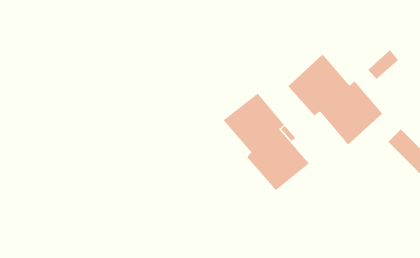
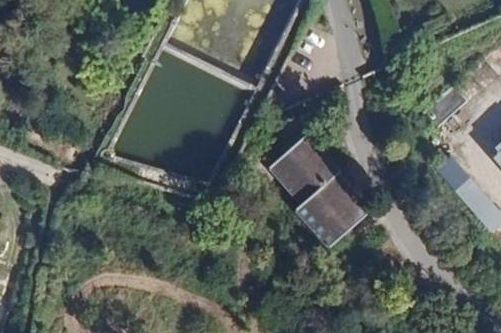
building: [288,54,383,145] -> none

